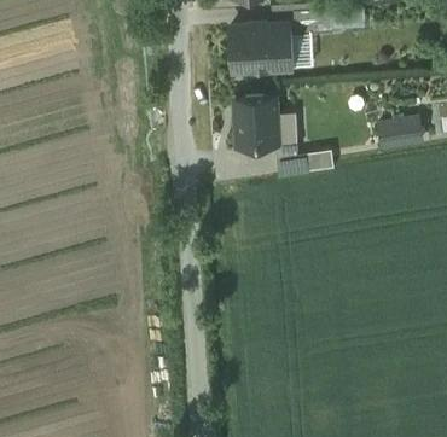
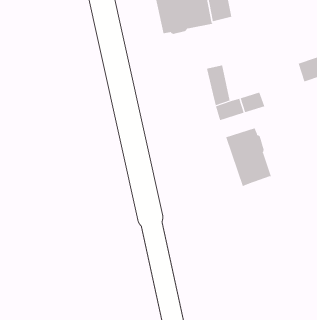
building: [232,95,274,146] -> none
building: none -> [226,127,272,187]

